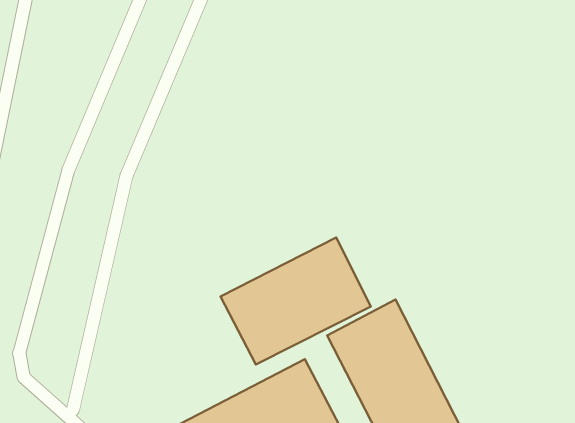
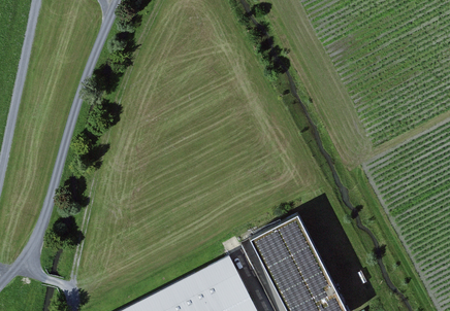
building: [221,237,371,364] -> none

